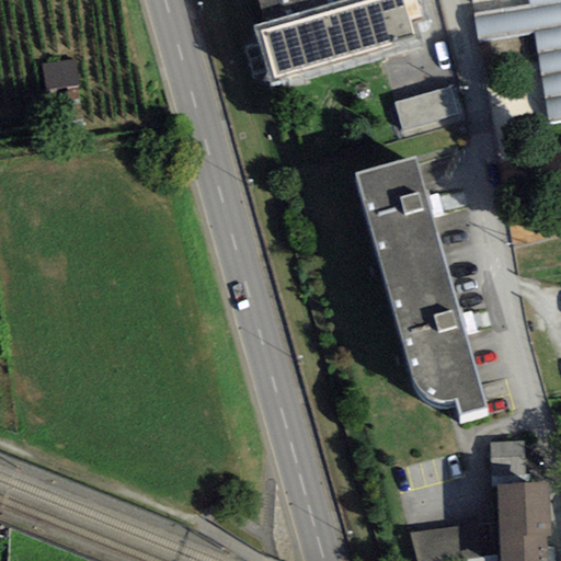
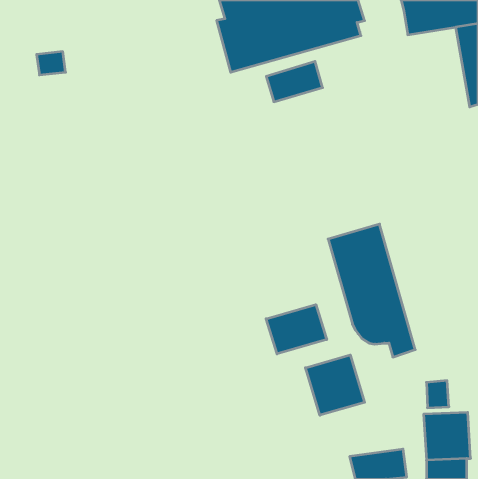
building: [400,88,466,135] -> [266,61,323,102]
building: [354,158,444,279] -> none
building: none -> [266,305,327,354]
building: none -> [305,355,365,415]

